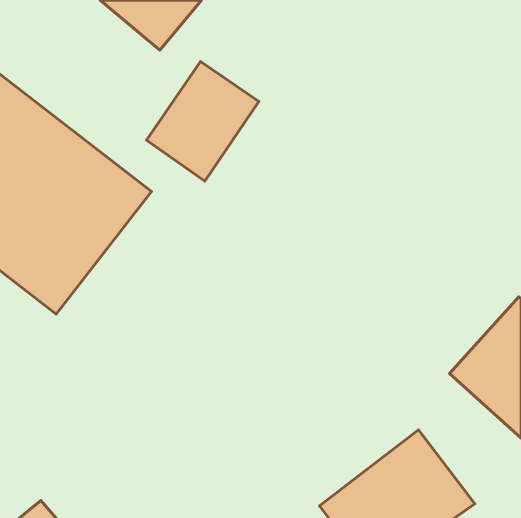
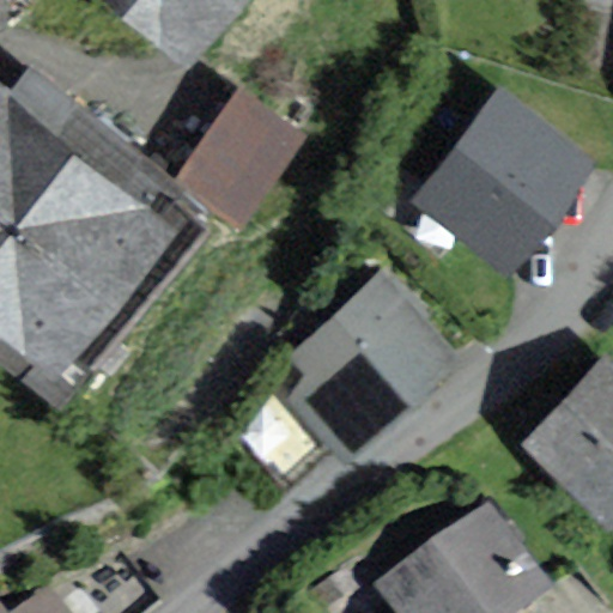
building: none -> [412,83,602,274]
building: none -> [287,273,461,465]

